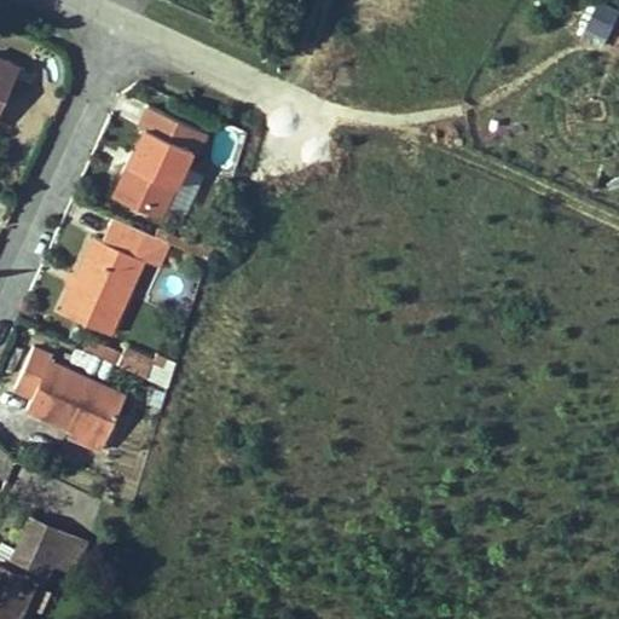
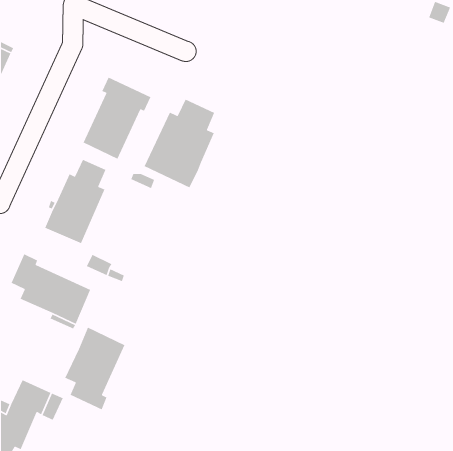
building: none -> [144,99,215,189]
building: none -> [64,326,126,410]

